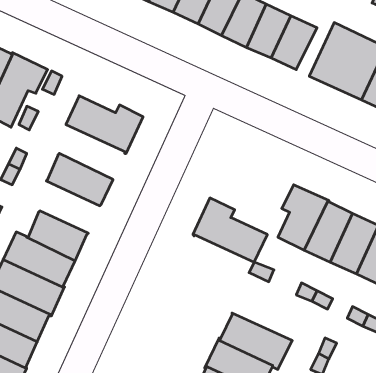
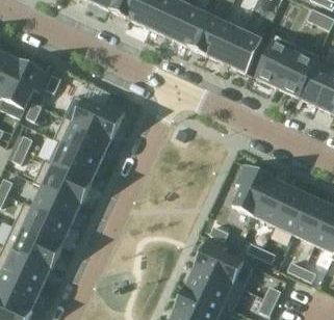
building: none -> [53,116,111,160]
building: none -> [33,158,93,204]
building: [193,198,267,262] -> [195,237,254,288]

